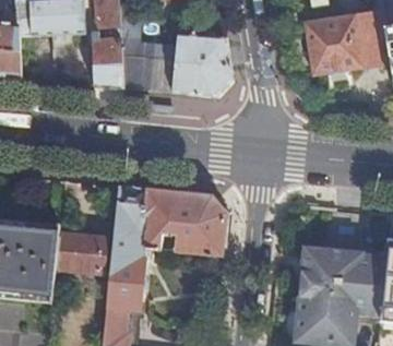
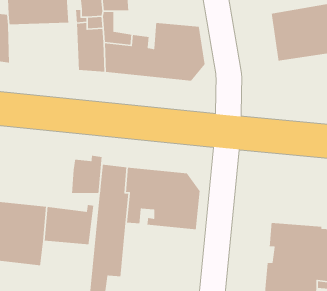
building: none -> [71,155,102,194]

